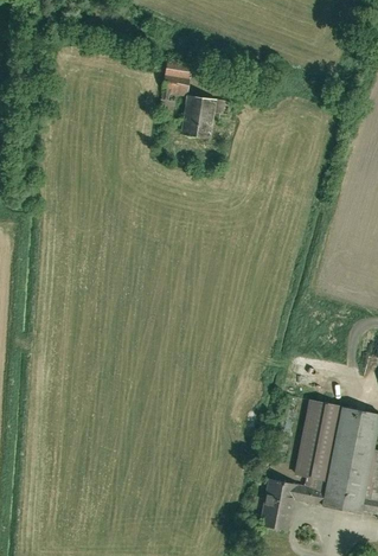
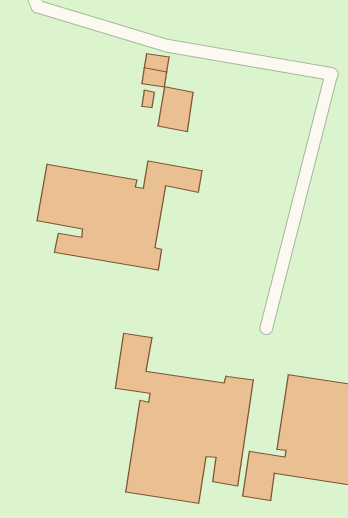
building: none -> [37,161,202,270]
building: none -> [115,333,253,503]

